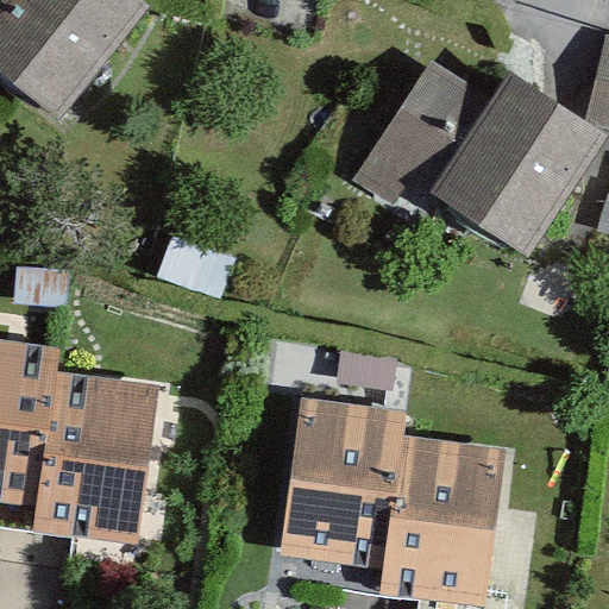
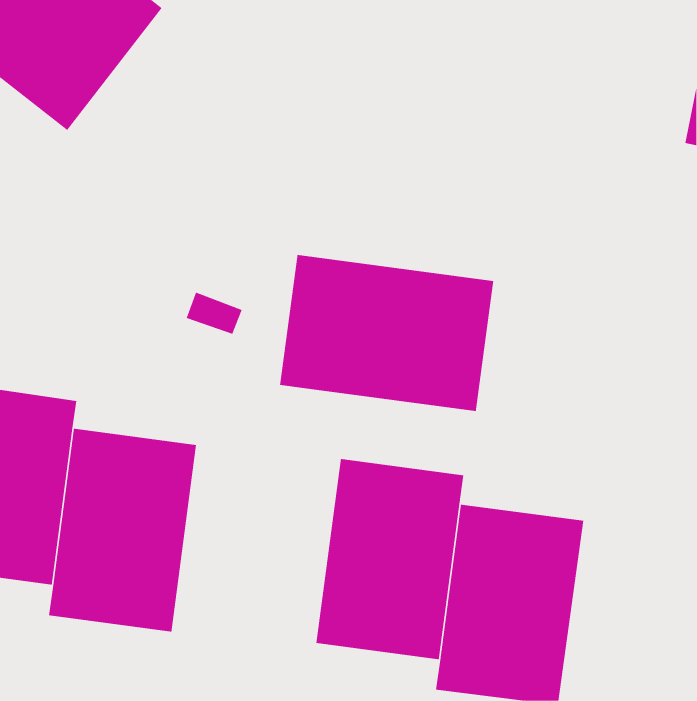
building: [372,71,597,265] -> none
building: none -> [280,254,494,412]

